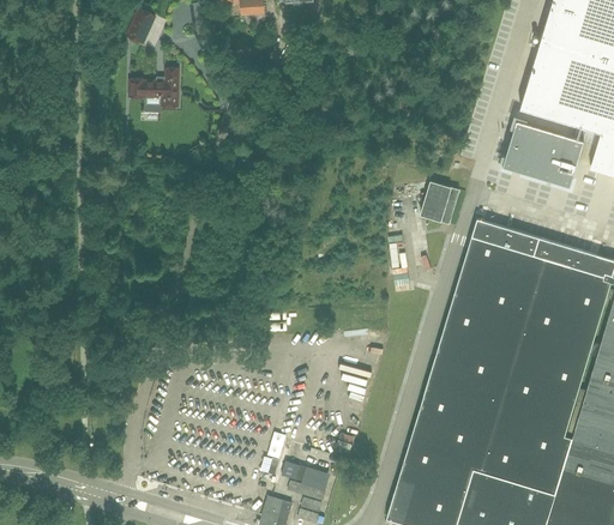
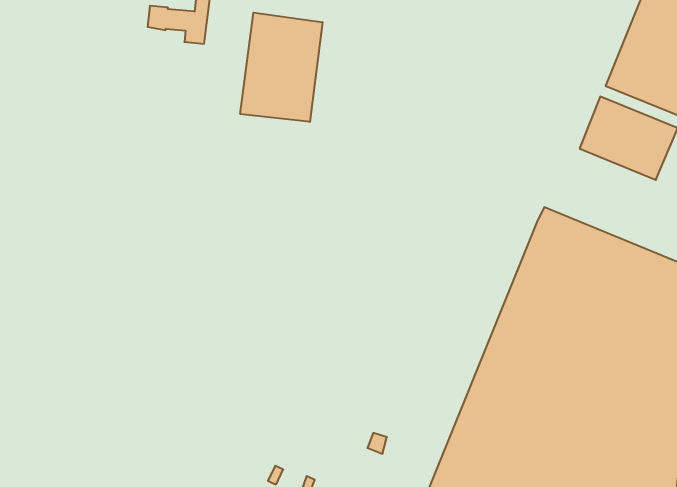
building: none -> [240,13,322,122]
building: [420,181,460,224] -> none

